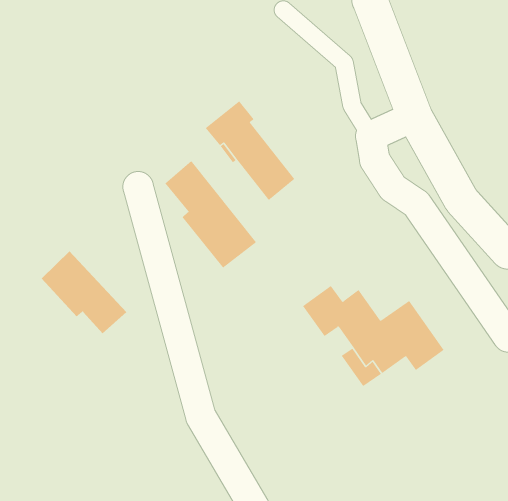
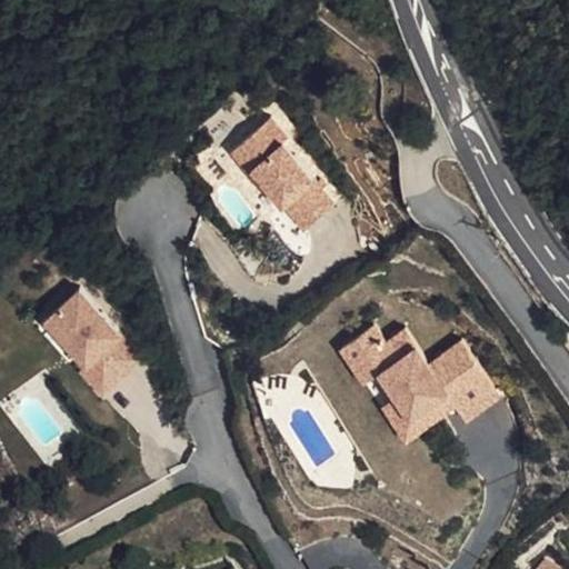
building: [165,160,257,268] -> none
building: none -> [34,319,114,392]

